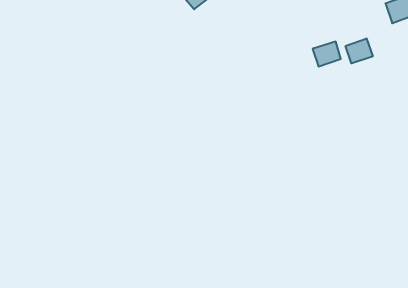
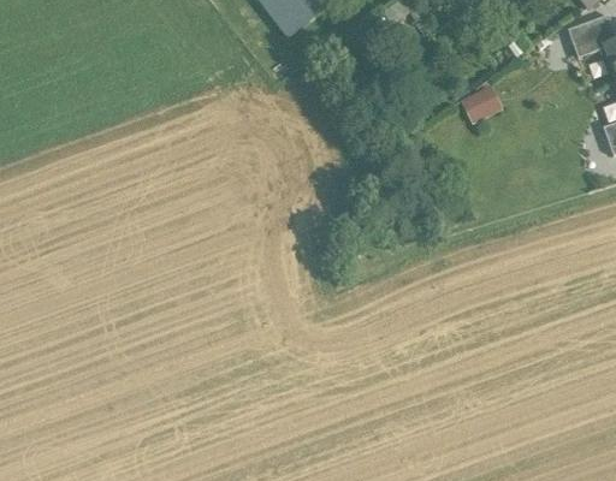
building: [346,38,373,63] -> none

